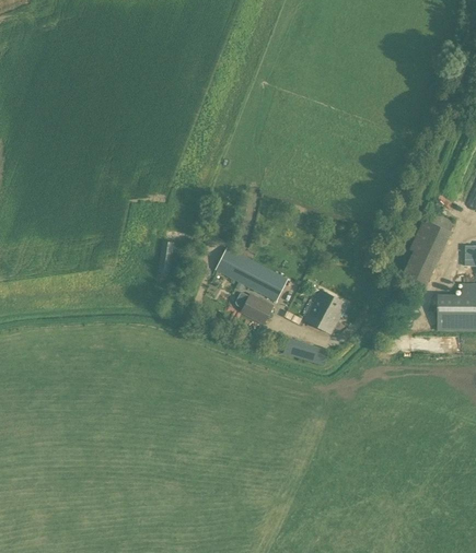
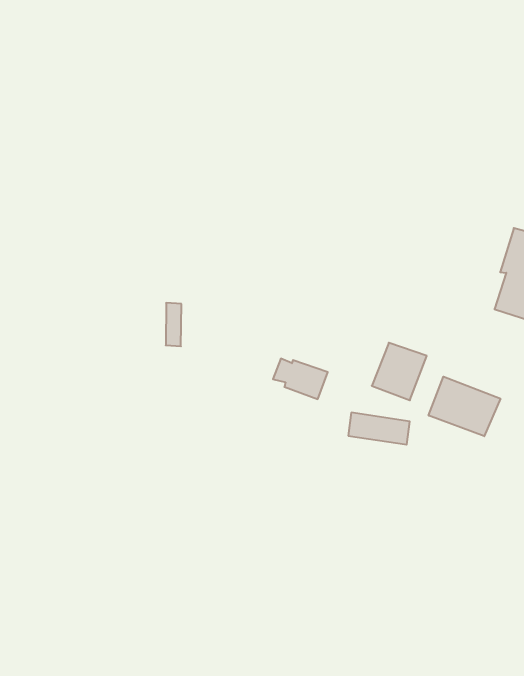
building: [214,247,288,301] -> none
building: none -> [429,377,500,436]

